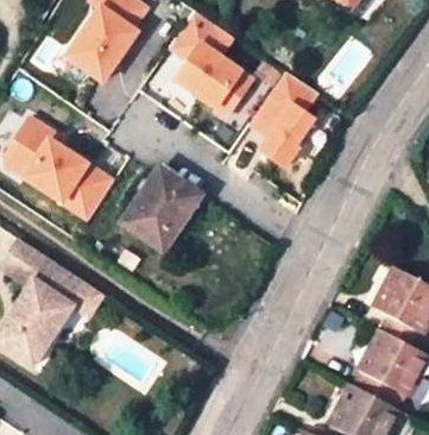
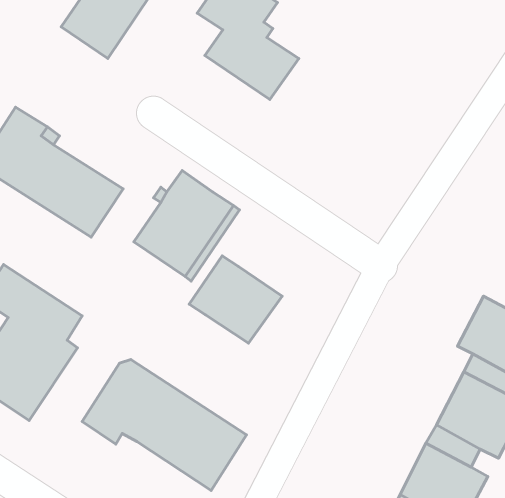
building: [251,70,318,166] -> none
building: none -> [189,256,282,343]
building: none -> [82,359,246,490]

